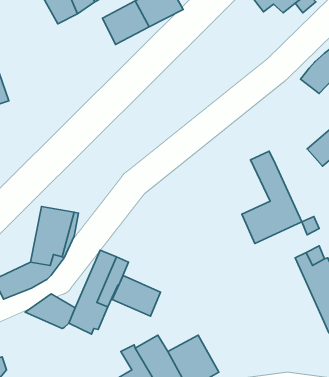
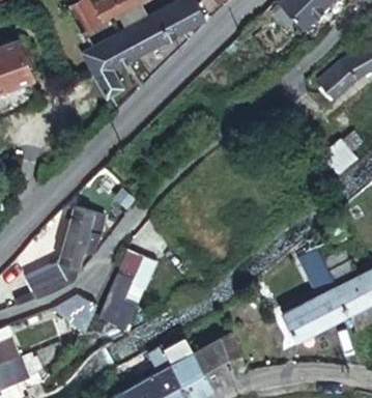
building: none -> [86,31,142,97]
building: [242,151,302,244] -> [281,247,338,335]
building: [112,276,160,316] -> none

